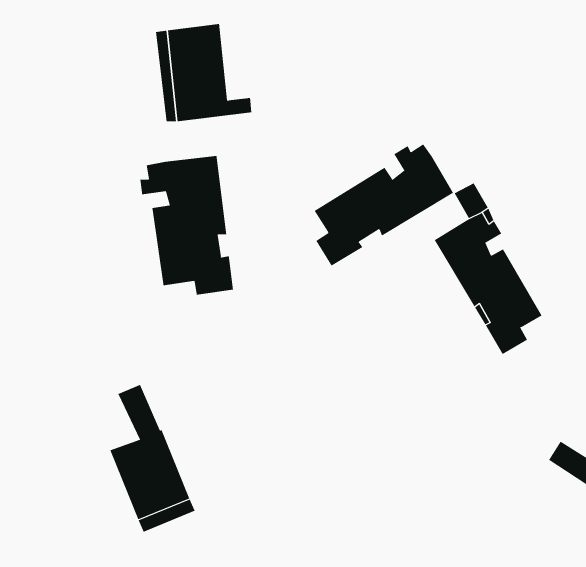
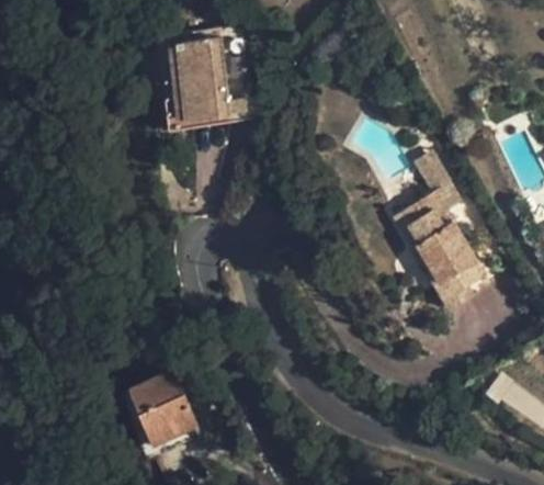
building: [314,143,454,267] -> none
building: [140,155,234,295] -> none

